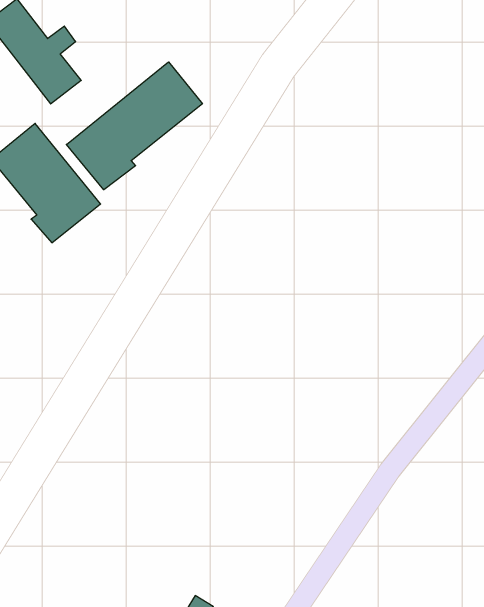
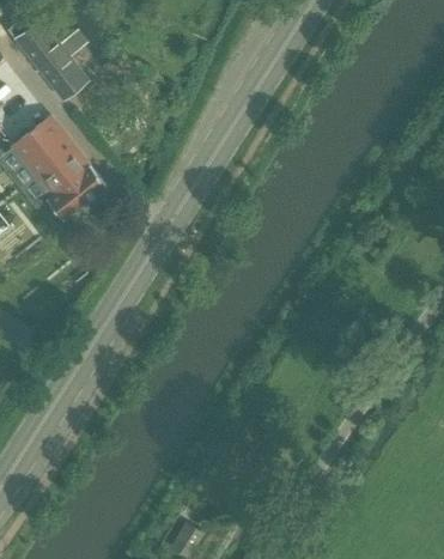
building: [66,62,202,190] -> none

